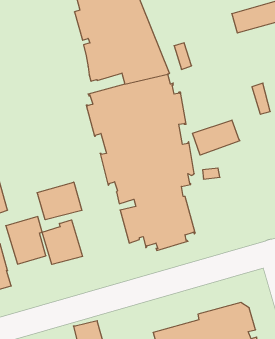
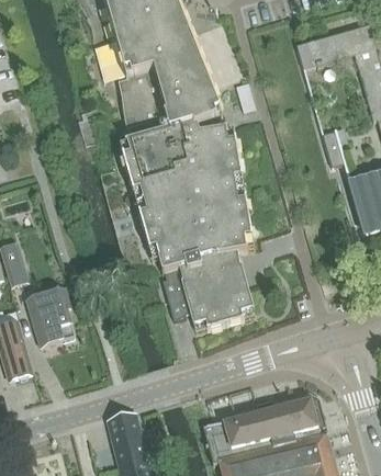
building: [192,120,240,155] -> none
building: [37,182,82,220] -> none
building: [42,220,82,264] -> none

